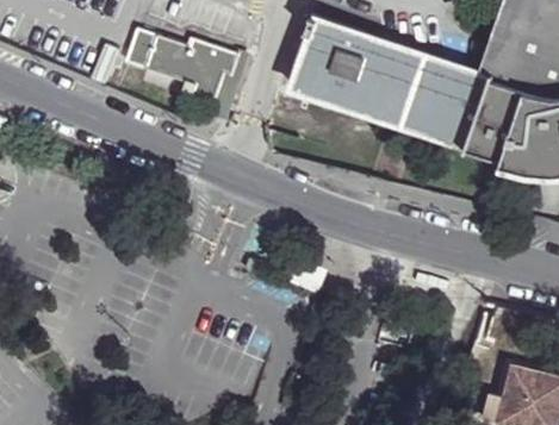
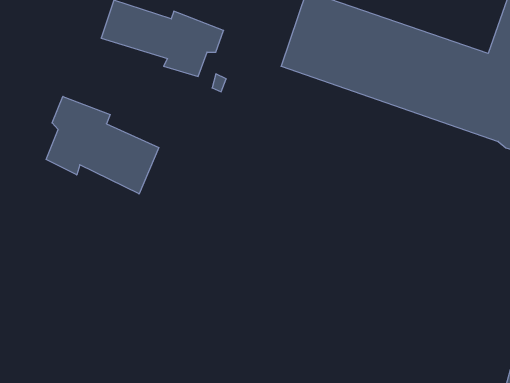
building: none -> [46,96,159,194]

